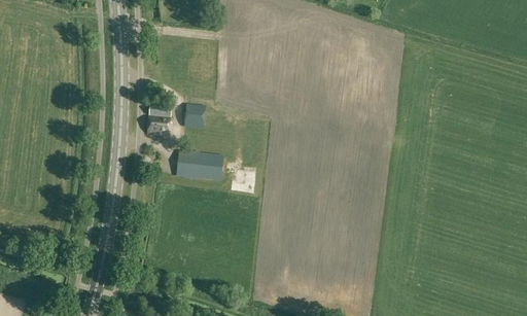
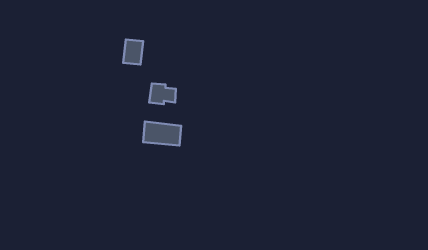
building: [147,105,171,135] -> [123,39,143,64]

